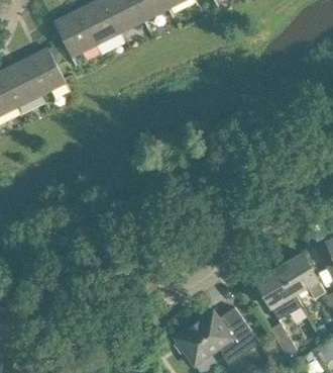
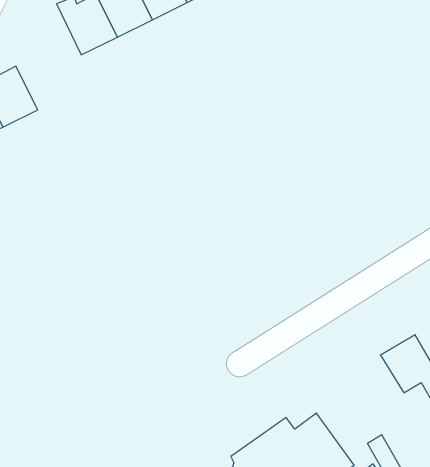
building: [23,53,66,95] -> none
building: [255,266,302,318] -> none

